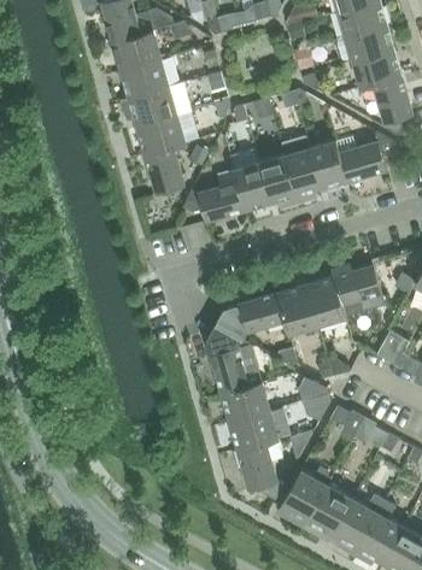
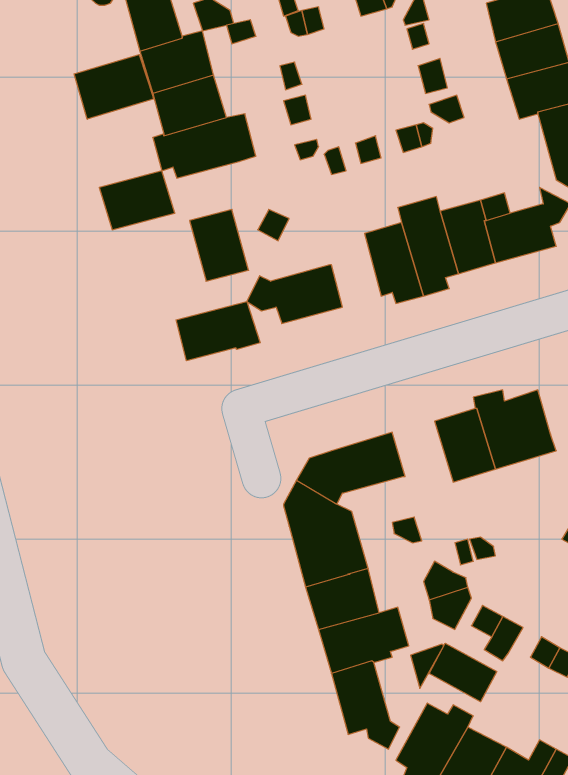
building: none -> [74,55,154,119]
building: [136,114,186,153] -> [99,171,175,230]
building: [233,161,270,210] -> none
building: none -> [176,302,260,361]
building: [277,284,317,333] -> none
building: none -> [429,643,497,702]

